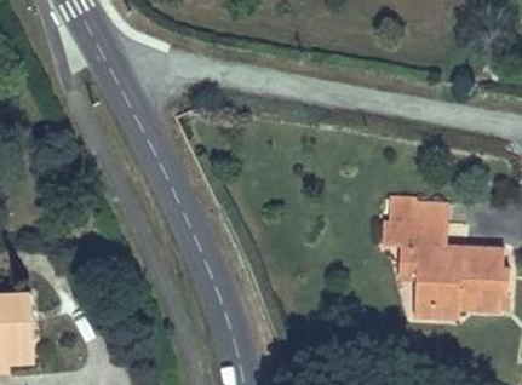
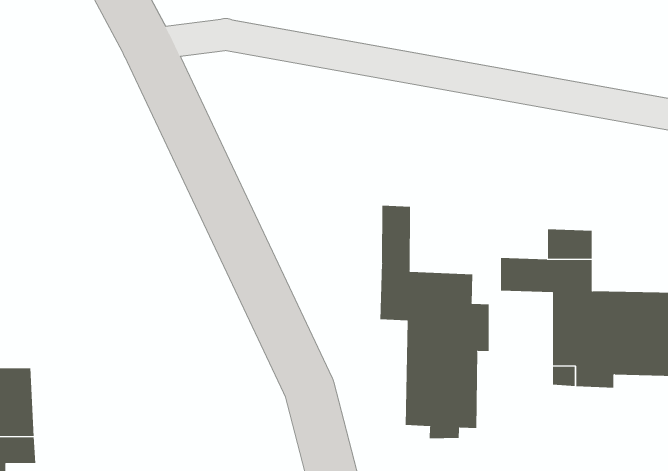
building: none -> [380,205,489,439]

